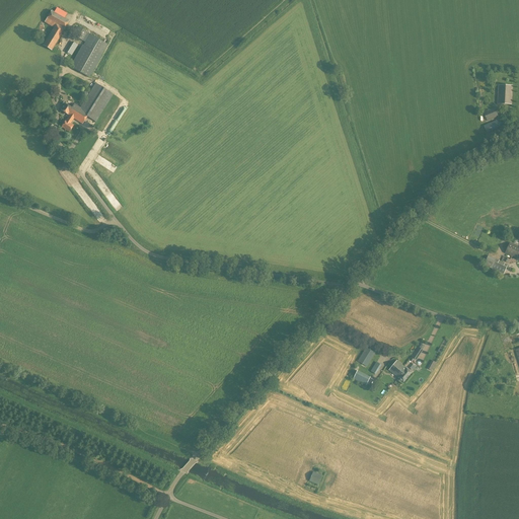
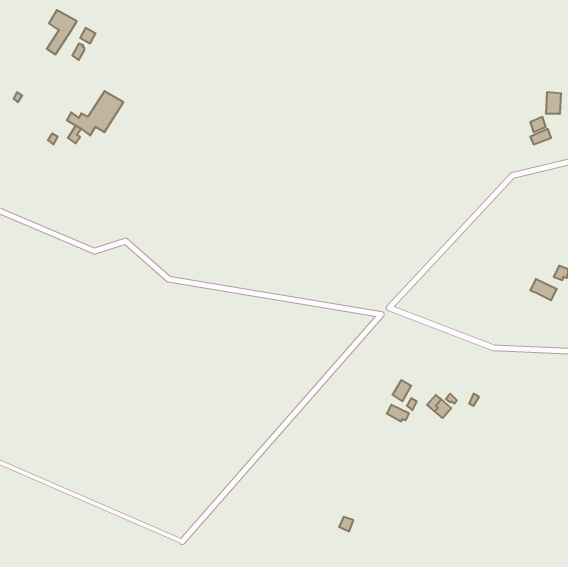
building: [71,33,107,77] -> none

